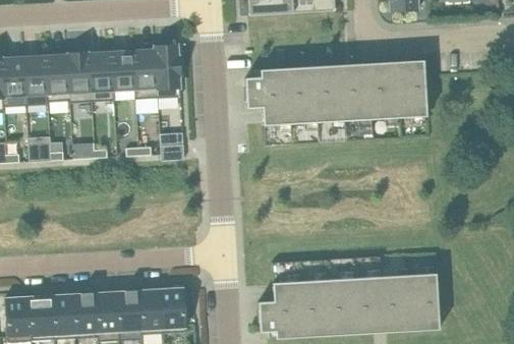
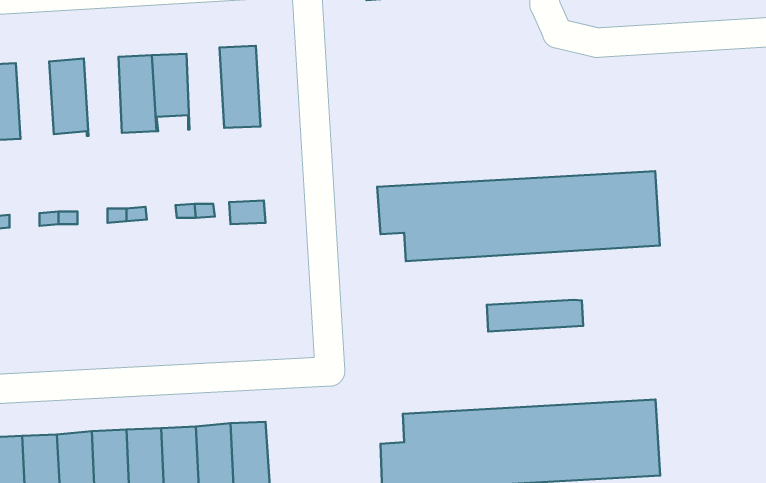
building: [133,46,158,99] -> none
building: [67,52,92,103] -> none
building: [23,55,48,105] -> none
building: [245,67,427,125] -> [377,171,660,261]
building: none -> [487,300,583,331]

